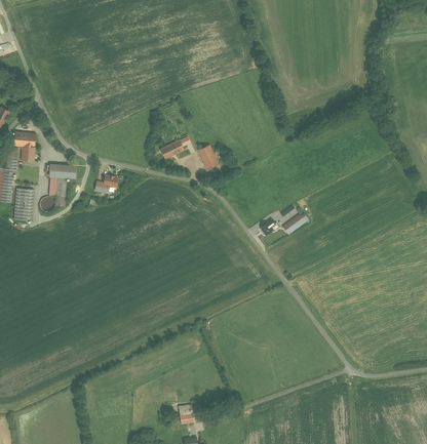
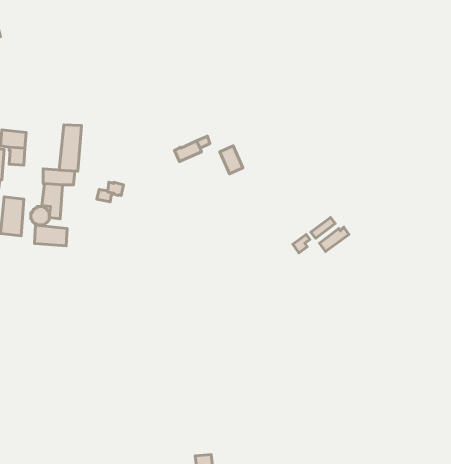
building: none -> [59,125,81,171]
building: none -> [35,225,67,246]

